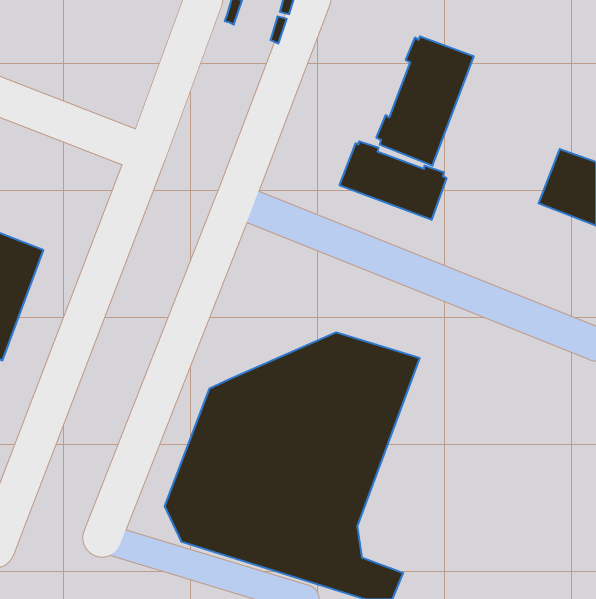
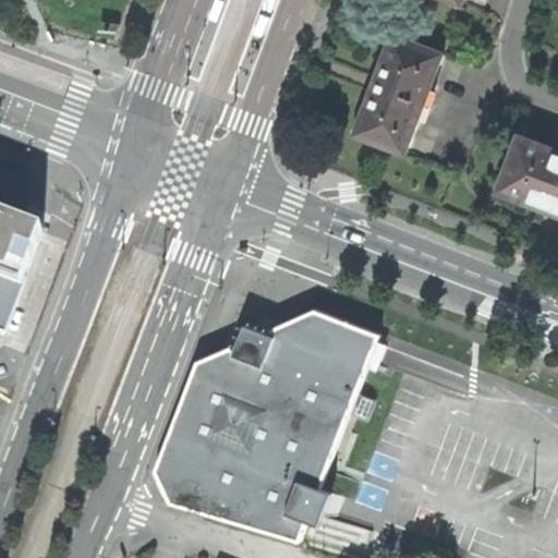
building: [340,141,446,220] -> none

